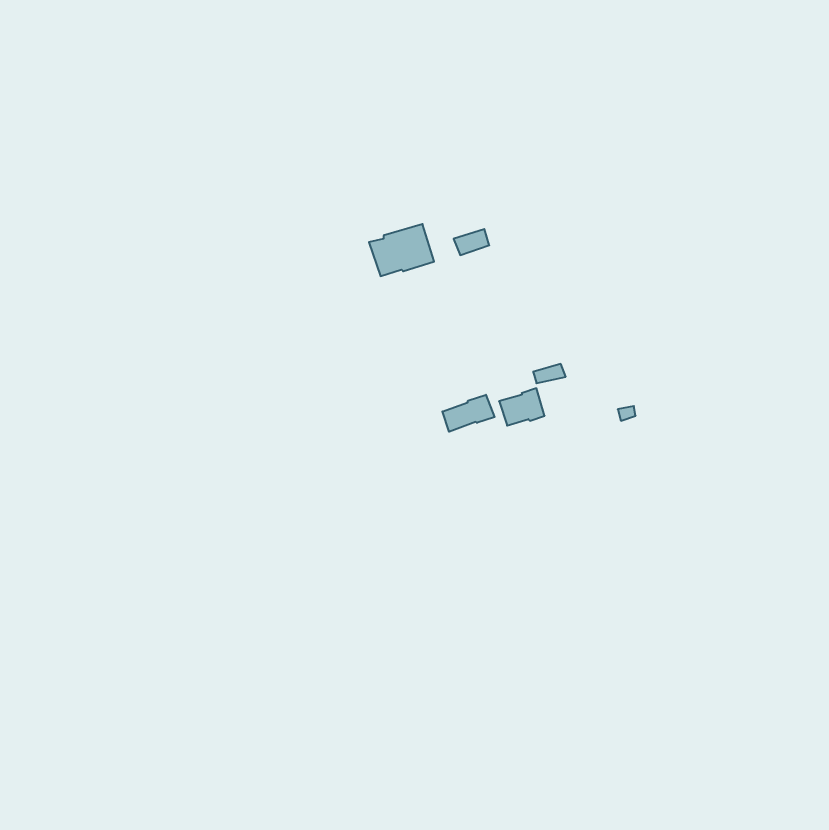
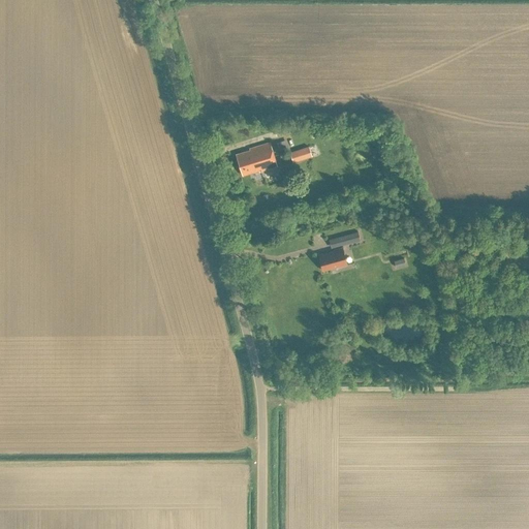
building: [442,395,495,432] -> none

